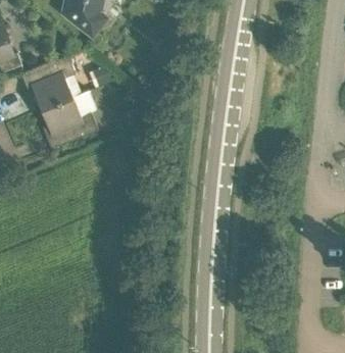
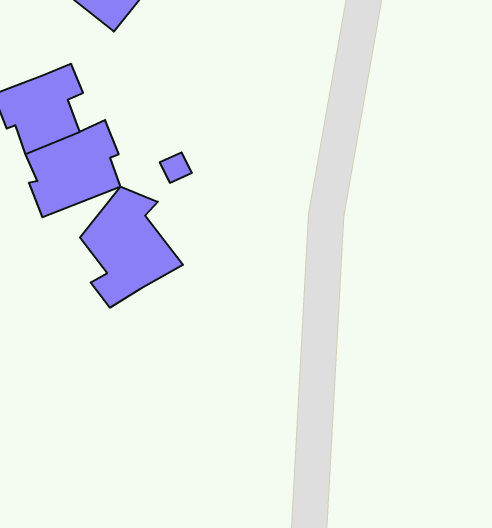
building: none -> [80,186,183,308]

